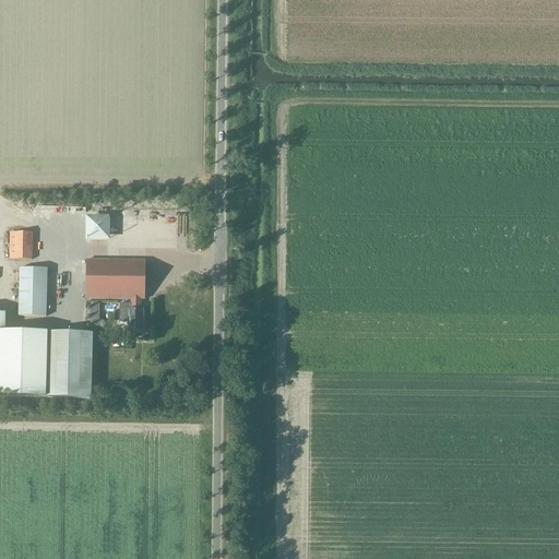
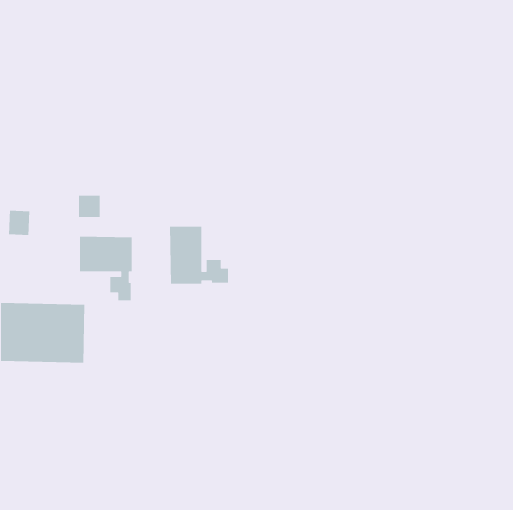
building: none -> [169,226,229,285]
building: [19,265,47,314] -> none

